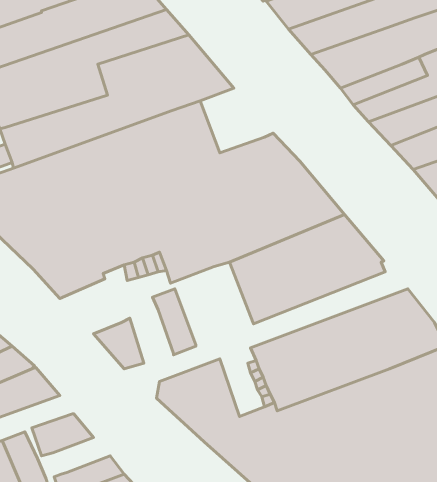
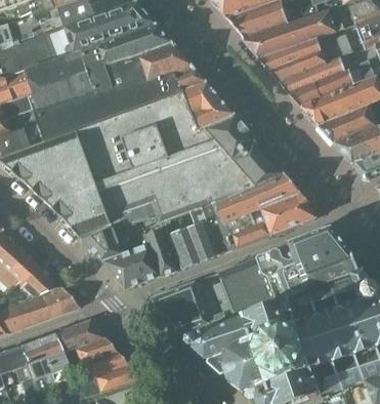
building: none -> [180,82,234,129]
building: none -> [169,209,219,269]
building: none -> [81,226,123,261]
building: none -> [129,244,161,283]
building: none -> [73,337,115,364]

